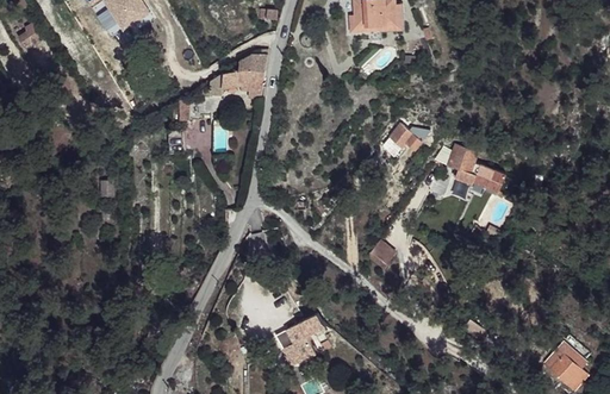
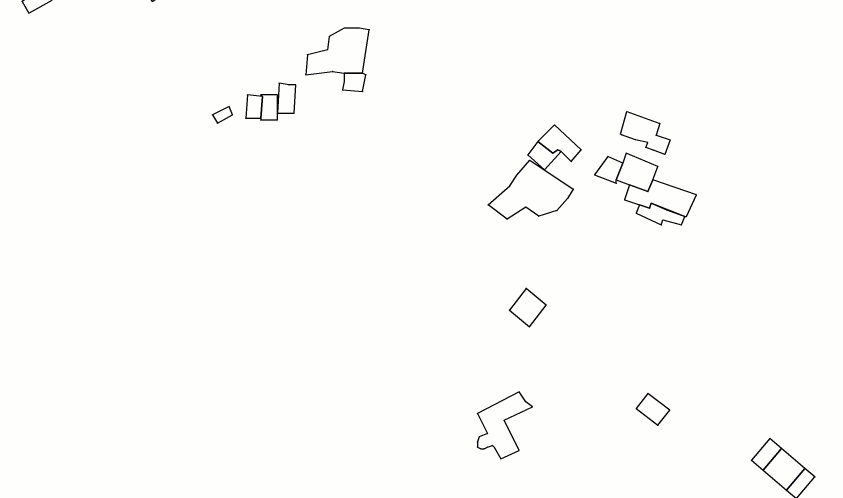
building: none -> [621,112,670,154]
building: none -> [488,160,573,219]
building: [287,314,326,362] -> [477,392,532,459]

